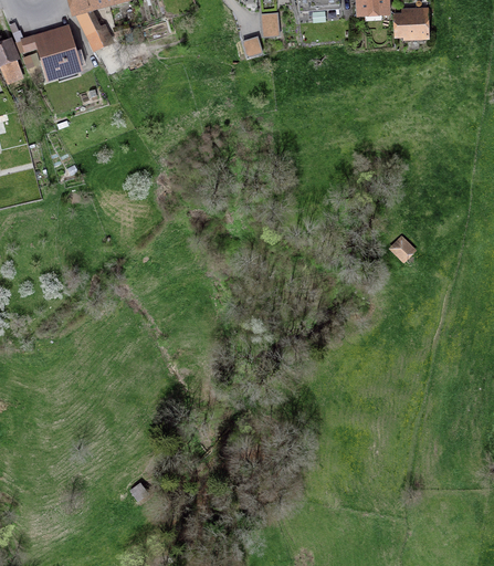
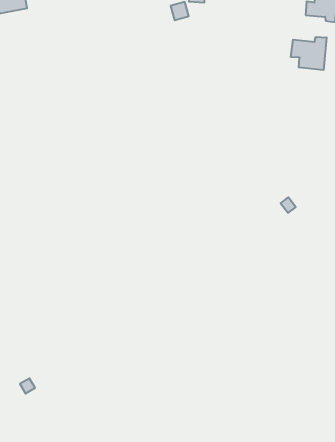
building: none -> [291,37,327,70]

